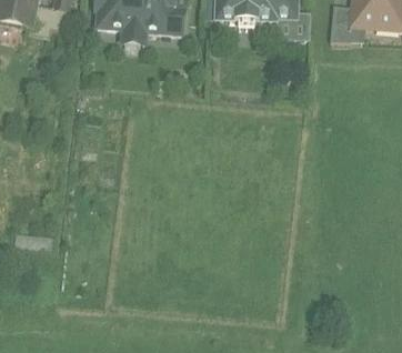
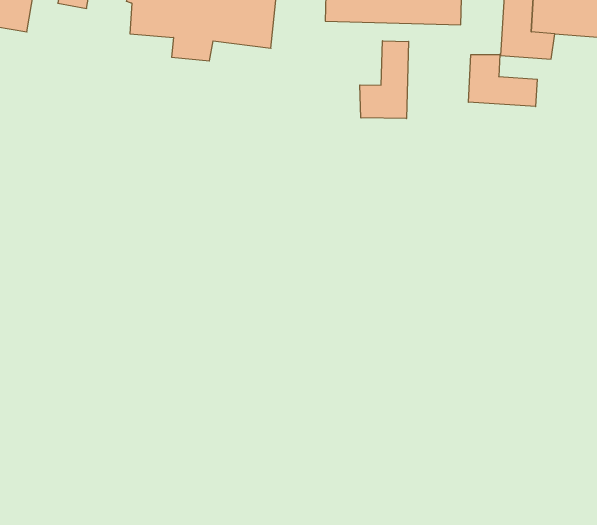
building: none -> [360,41,409,119]
building: none -> [468,54,537,107]

